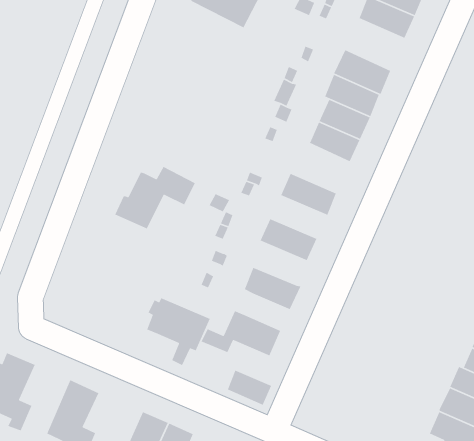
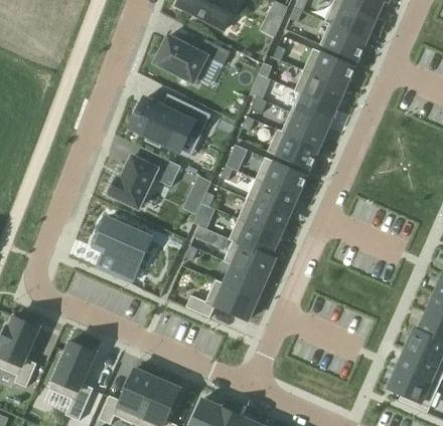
building: none -> [319,21,366,61]
building: none -> [154,36,230,84]
building: none -> [130,98,210,151]
building: none -> [268,130,318,170]
building: none -> [247,178,298,216]
building: none -> [229,218,280,257]
building: [146,297,211,366] -> [94,218,151,279]
building: [227,369,272,406] -> [225,265,265,297]

